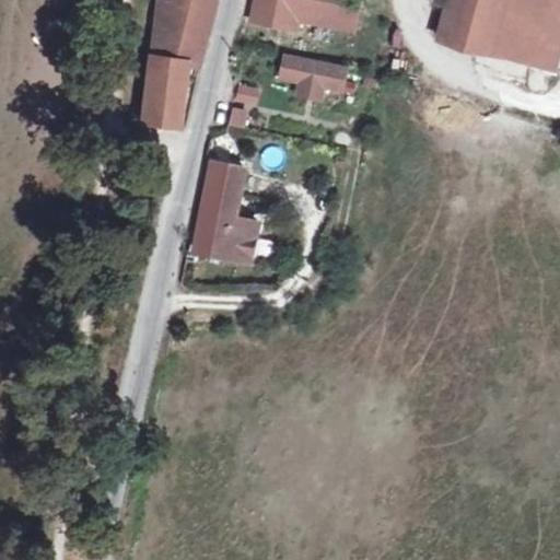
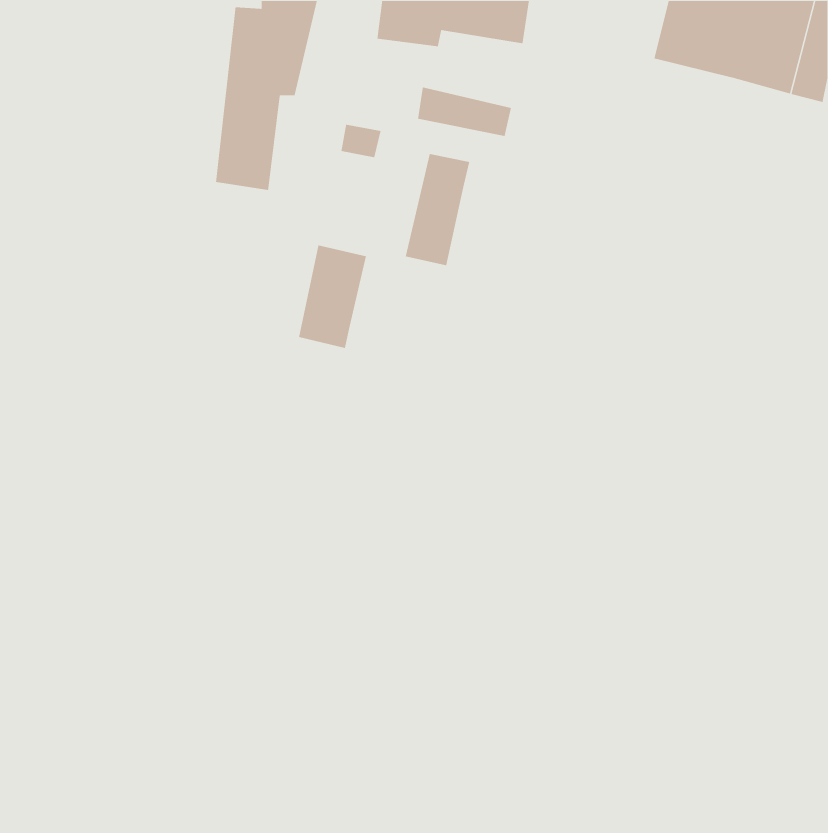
building: none -> [405,153,470,266]
building: [195,219,258,264] -> none

